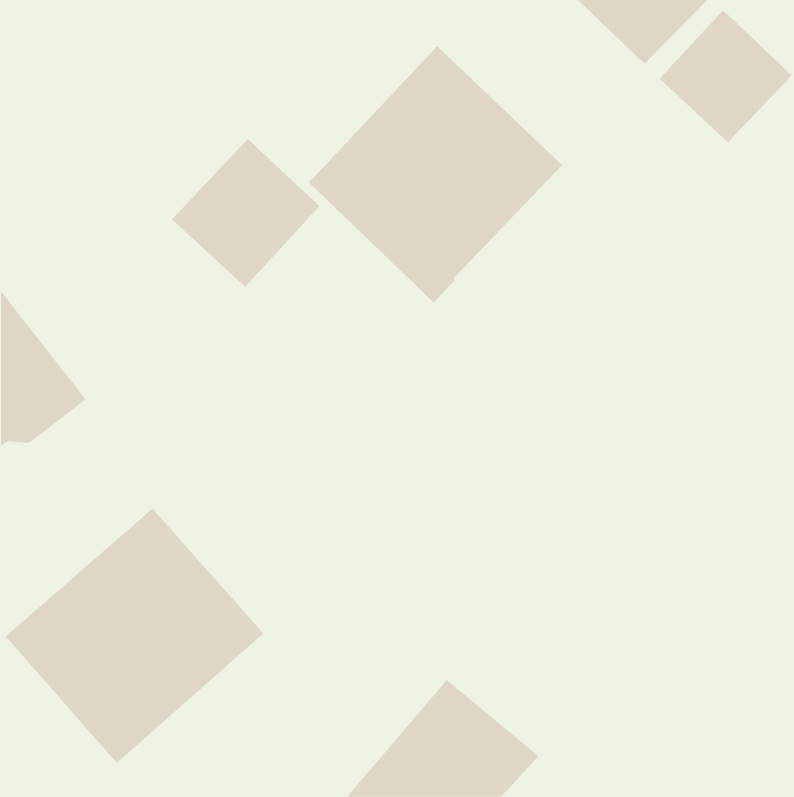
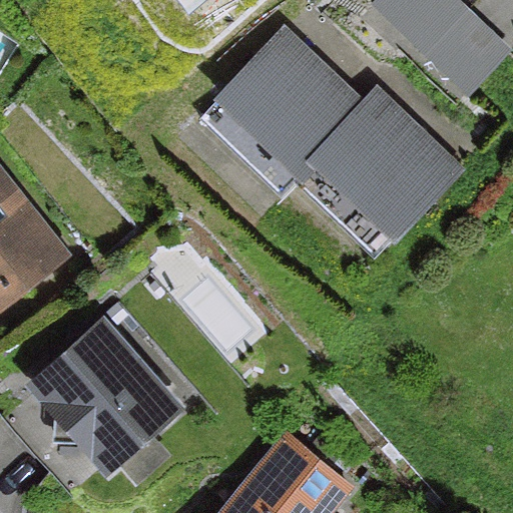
building: [171,138,320,287] -> none
building: none -> [296,90,458,254]

